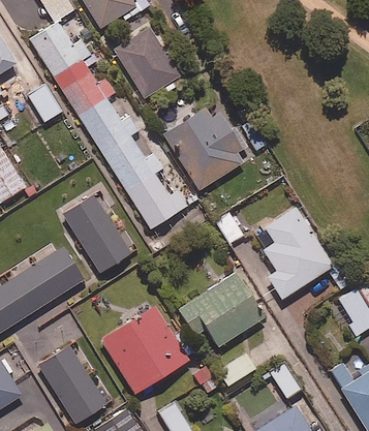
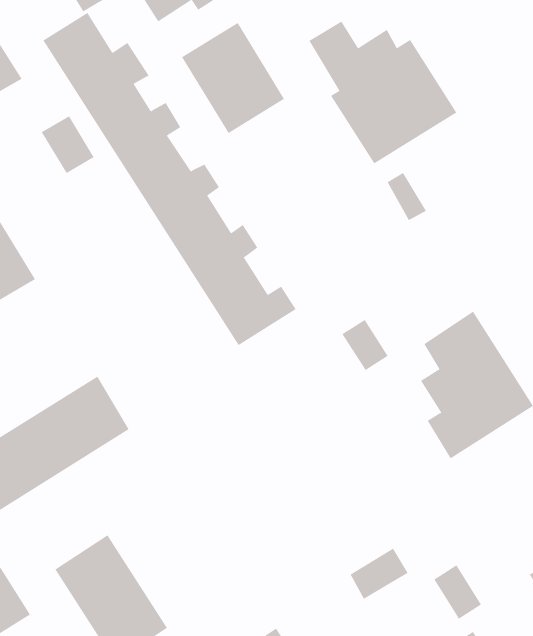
building: [157,101,249,190] -> [309,21,457,164]
building: [62,194,130,273] -> none
building: [178,273,264,346] -> none
building: [100,305,188,393] -> none

